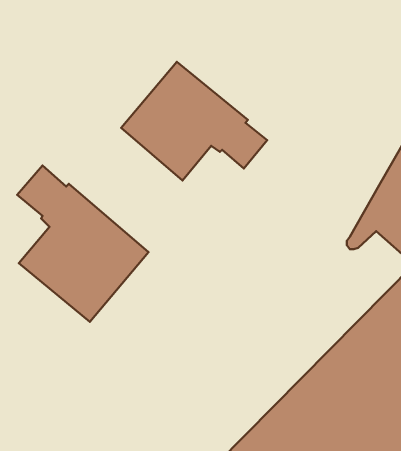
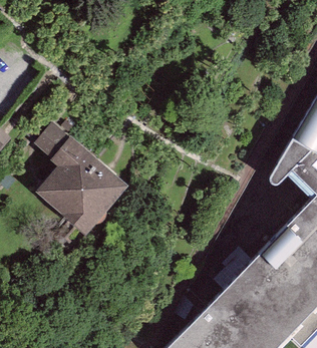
building: [121,62,267,180] -> none

